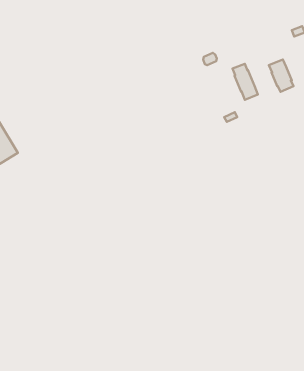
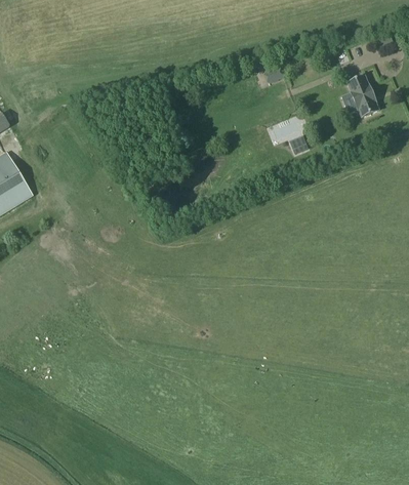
building: [232,64,258,100] -> none

